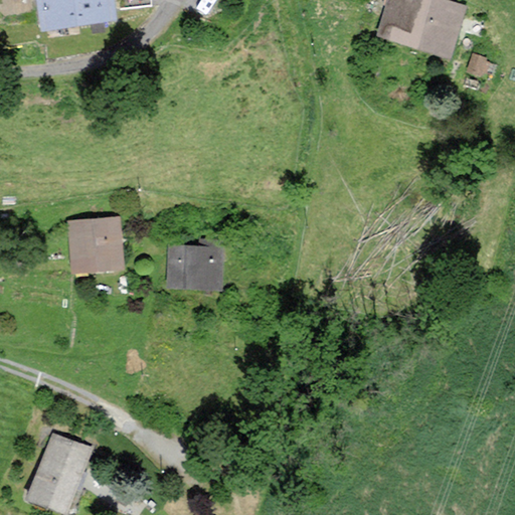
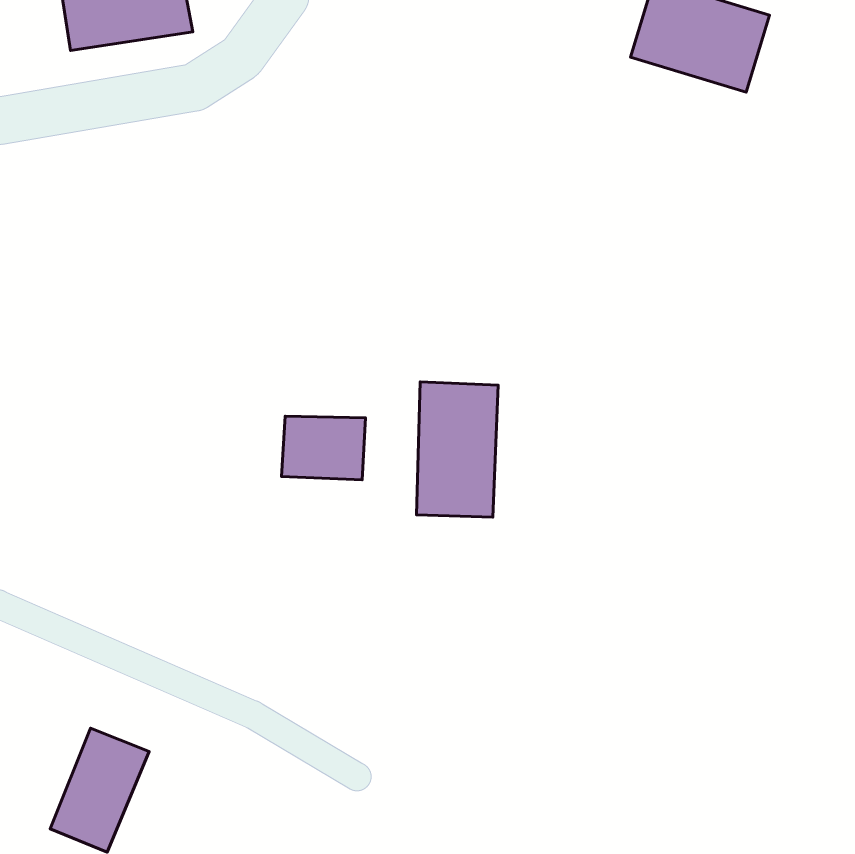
building: [71,220,121,273] -> none
building: none -> [417,382,498,517]

